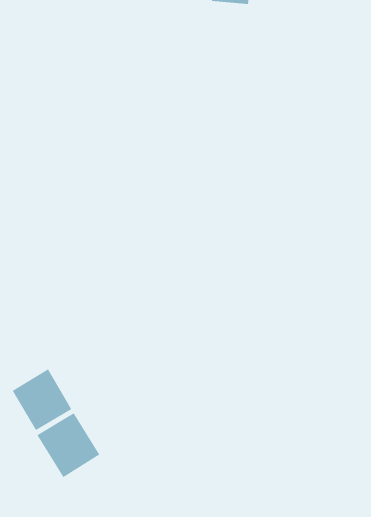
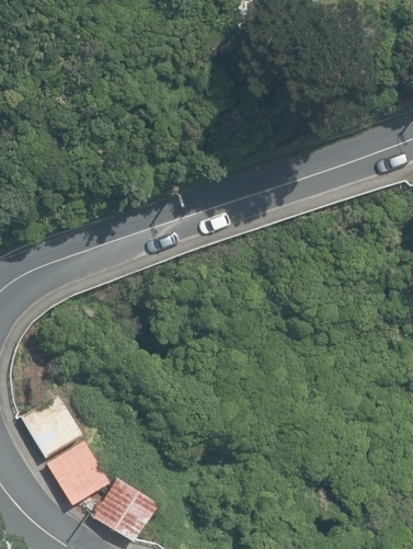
building: none -> [93,478,157,541]

